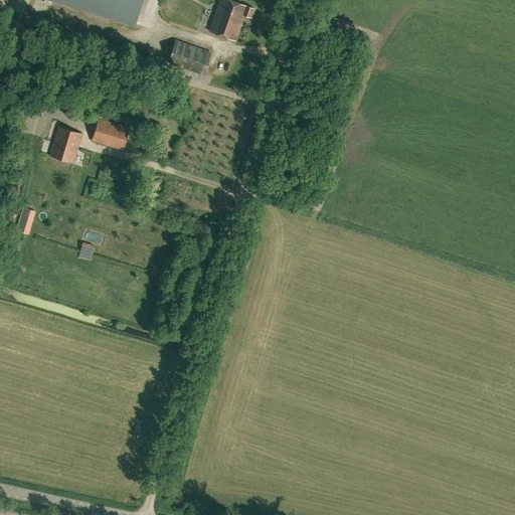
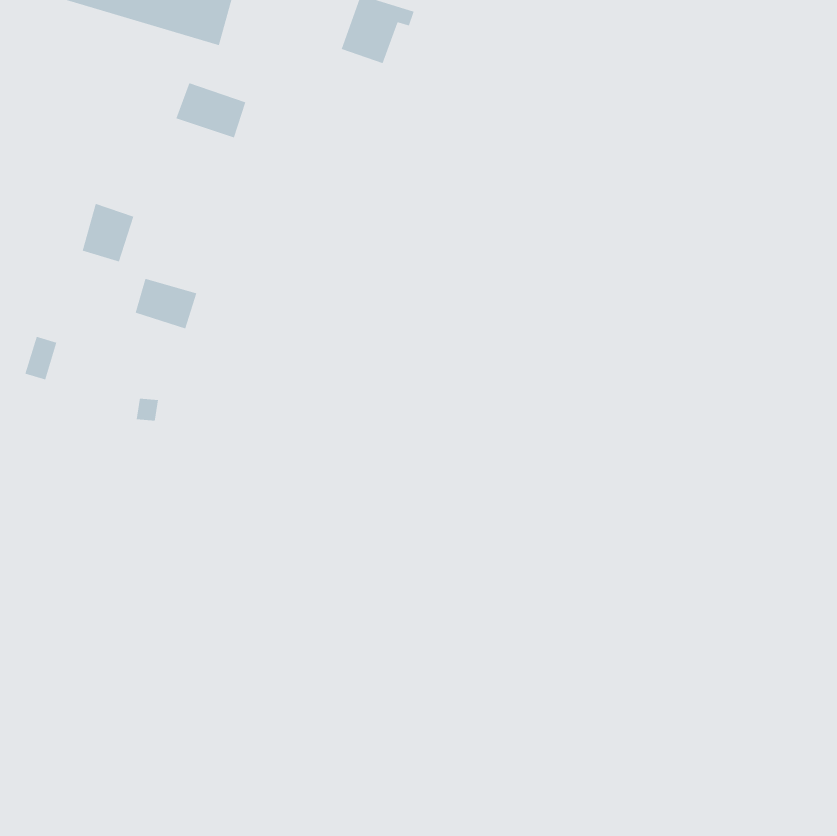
building: [168,39,211,73] -> [176,82,246,138]
building: [92,118,130,149] -> [135,278,197,329]

